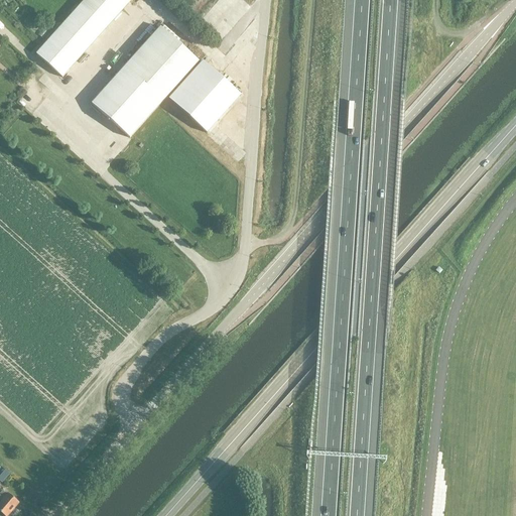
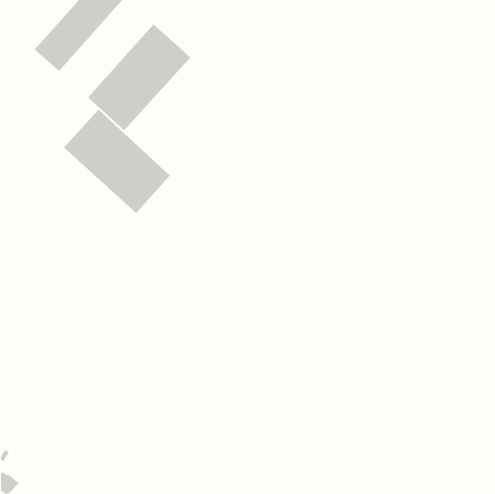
building: [170,58,242,130] -> none
building: none -> [63,109,171,214]

